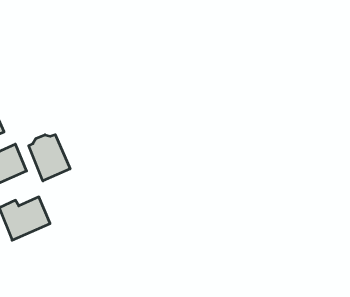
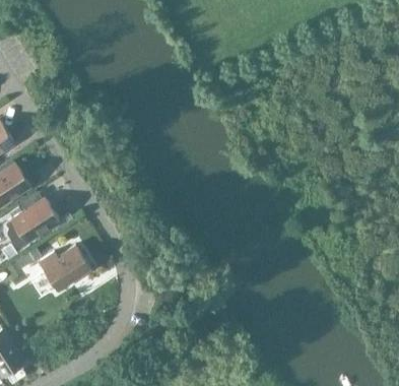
building: [29,135,70,181] -> none

